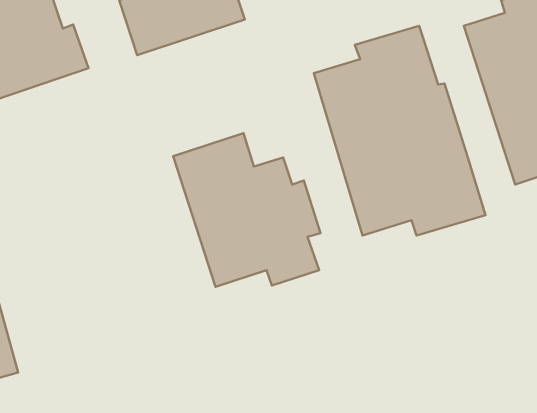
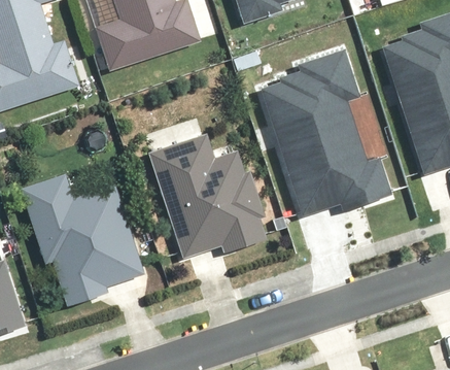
building: none -> [18,172,143,307]

